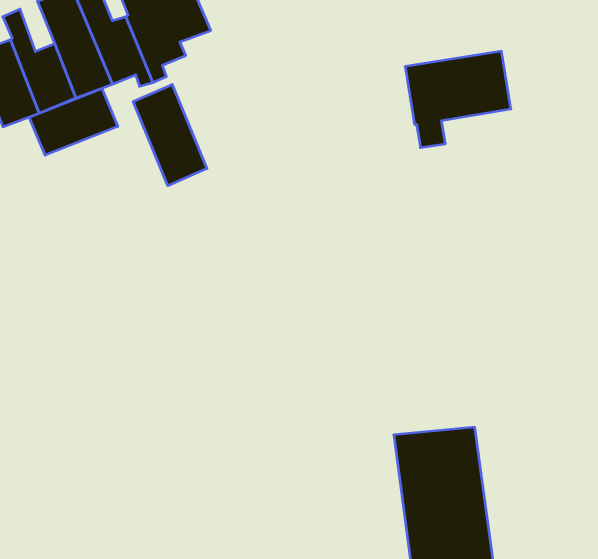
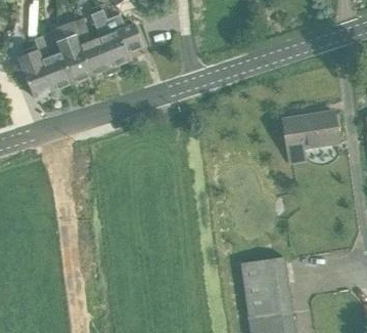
building: [405,51,511,148] -> [283,111,339,162]
building: [133,84,207,186] -> none
building: [29,89,118,155] -> none

